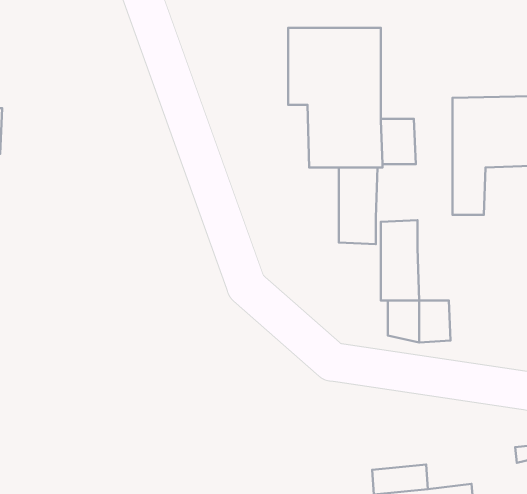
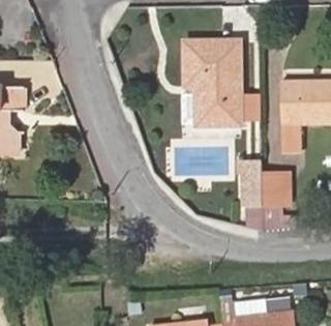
building: [339,168,378,244] -> none
building: none -> [262,171,289,202]

